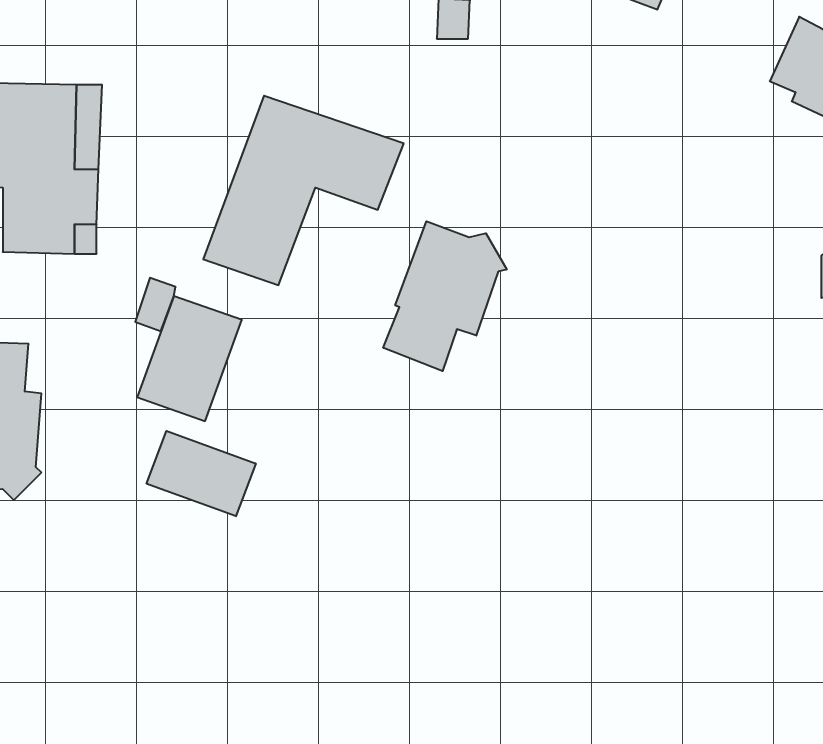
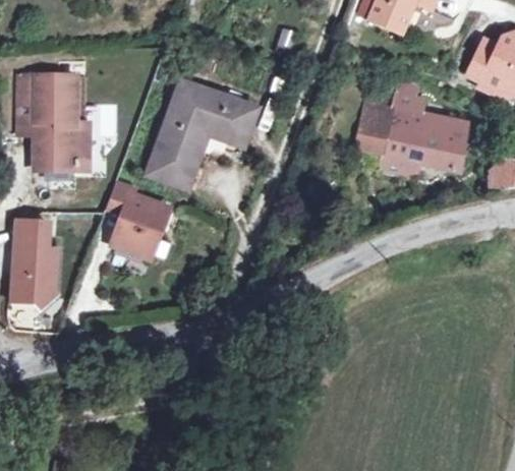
building: none -> [358,81,467,175]
building: [383,221,507,371] -> none
building: [147,431,256,516] -> none

